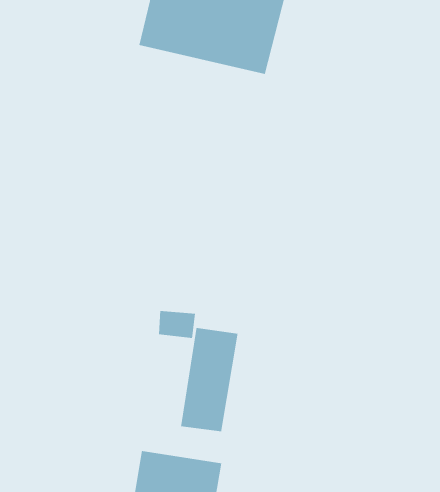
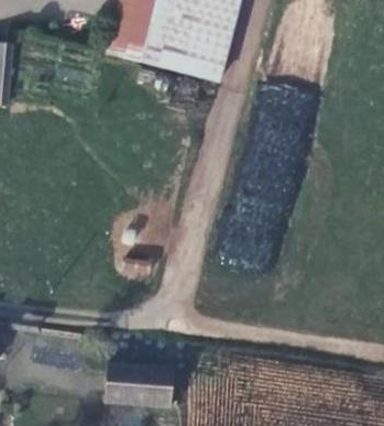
building: [181,327,238,432] -> none

